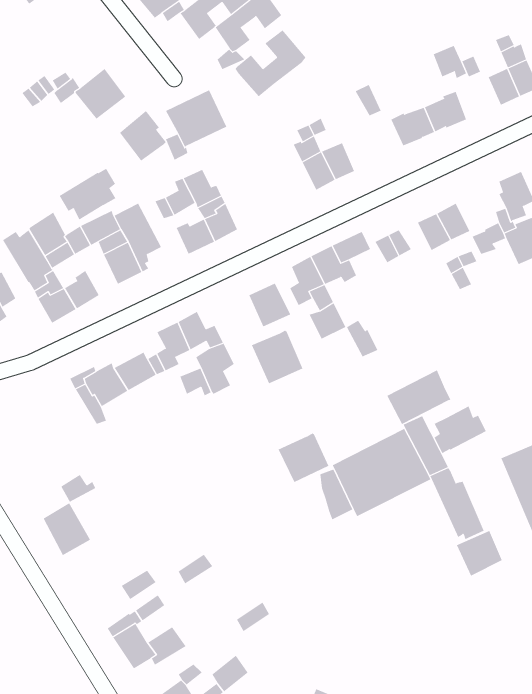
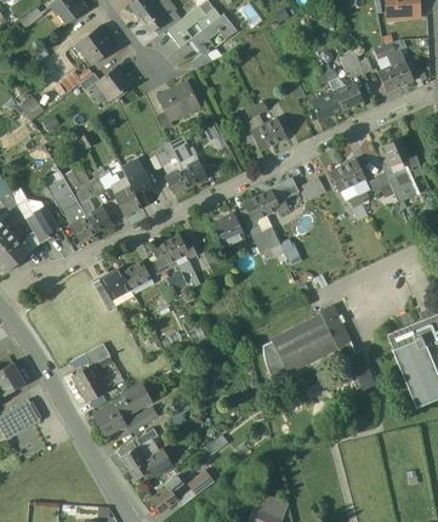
building: none -> [75,27,114,66]
building: [235,30,306,97] -> none
building: [119,110,167,161] -> none
building: [59,168,116,221] -> none
building: [251,330,303,384] -> none
building: [387,369,451,425] -> none
building: [434,405,486,454] -> none
building: [278,433,329,483] -> none
building: [456,530,502,577] -> none
building: none -> [95,386,146,433]

